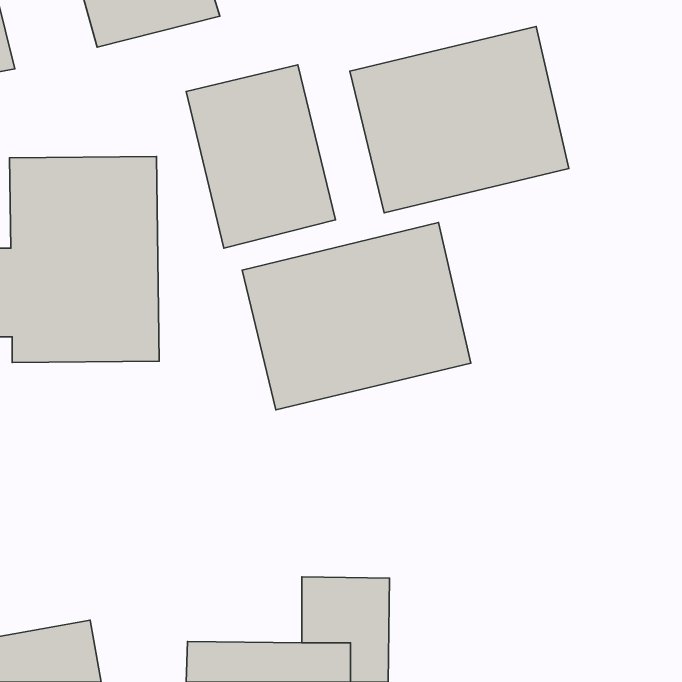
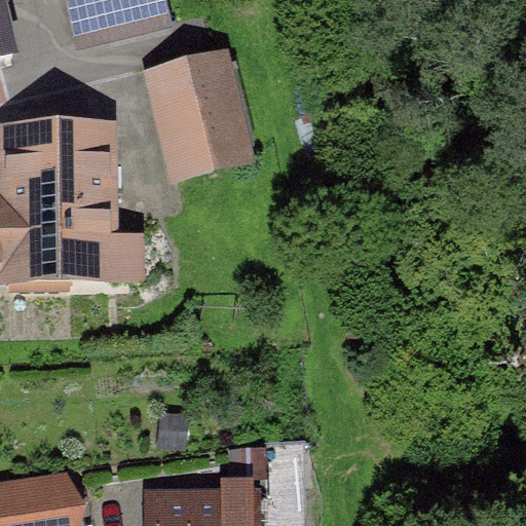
building: [350,26,569,213] -> none
building: [242,223,471,410] -> none

